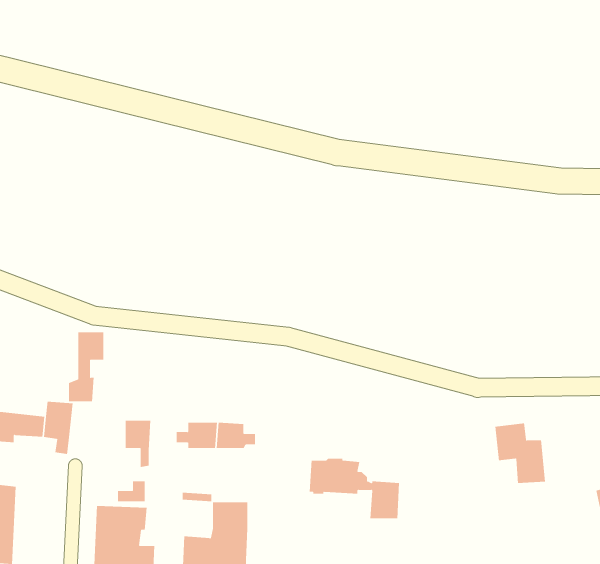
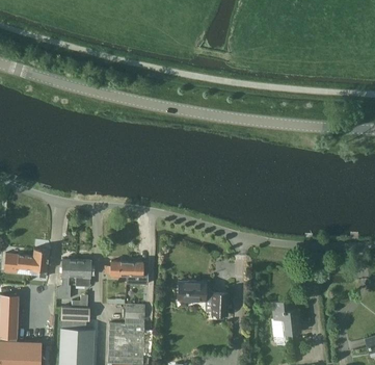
building: [68,332,104,402] -> [58,261,78,299]
building: [494,423,546,484] -> [272,302,300,335]

